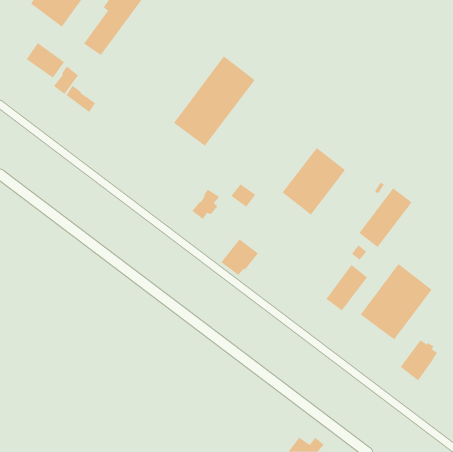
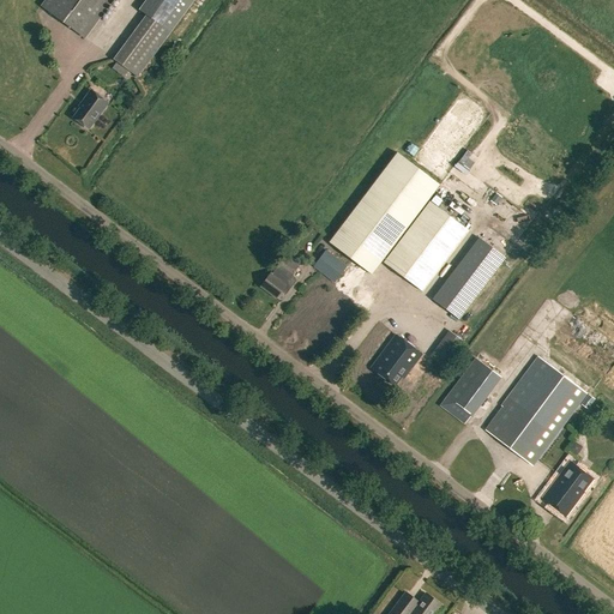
building: [26,42,65,78] -> none
building: [173,55,256,147] -> [326,150,438,273]
building: [66,85,96,113] -> none
building: [358,188,412,248] -> [432,236,505,318]
building: [221,238,259,276] -> [369,333,421,384]

